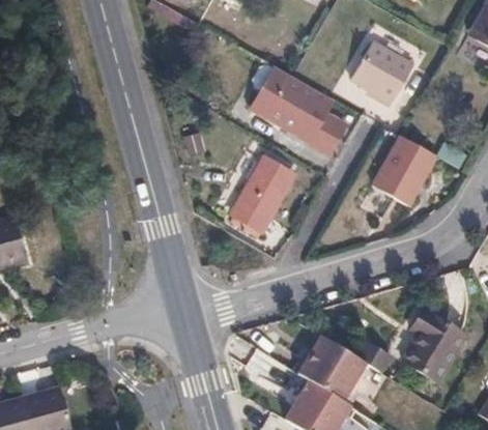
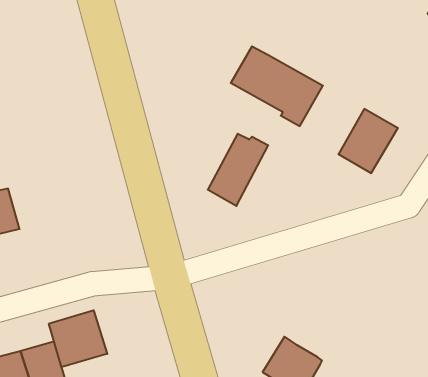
building: [347,38,410,104] -> none
building: [398,303,460,375] -> none
building: [300,334,373,403] -> none
building: none -> [49,310,107,367]

